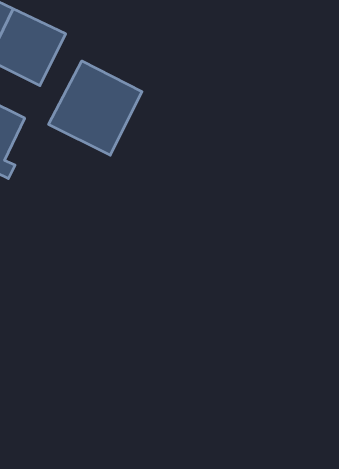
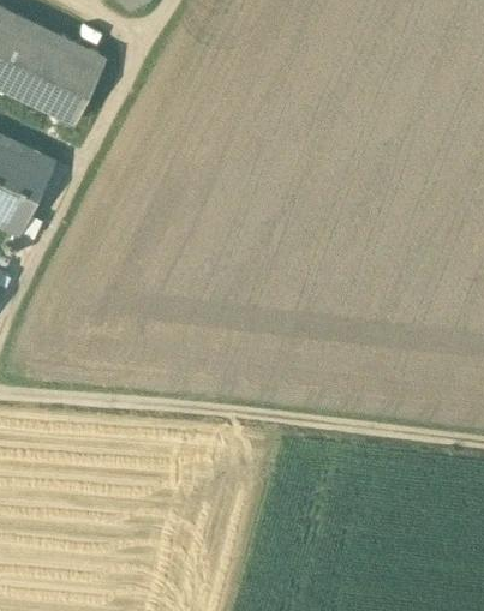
building: [49,61,142,155] -> none

